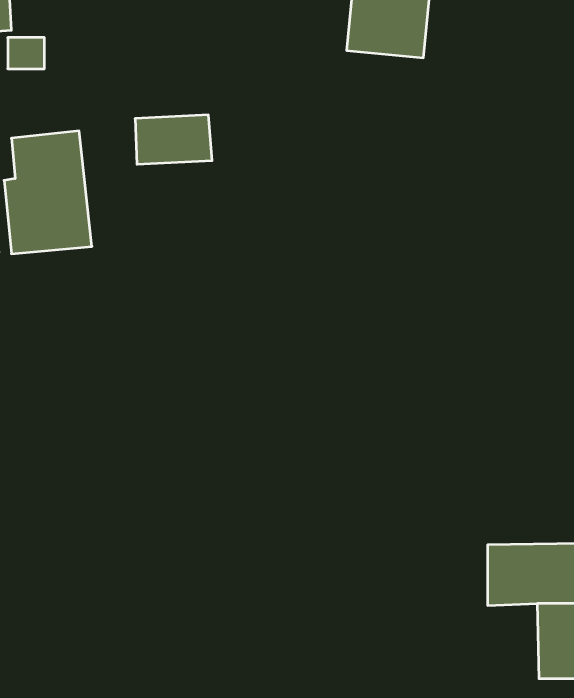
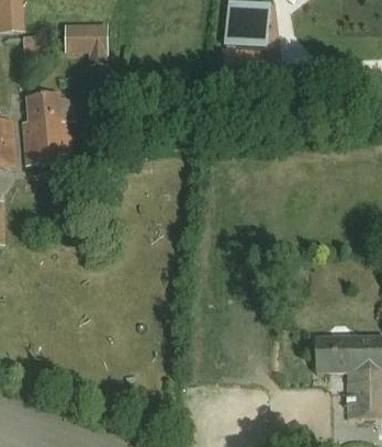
building: [135,115,212,164] -> [66,22,112,52]

